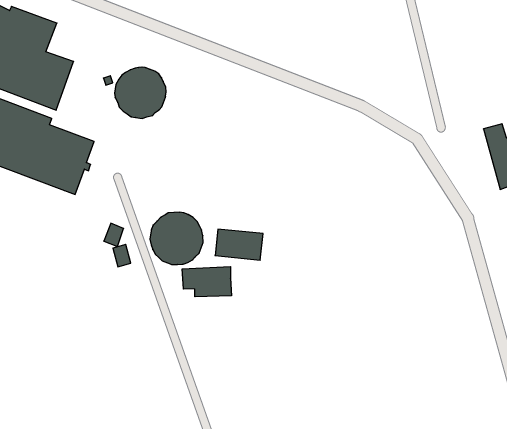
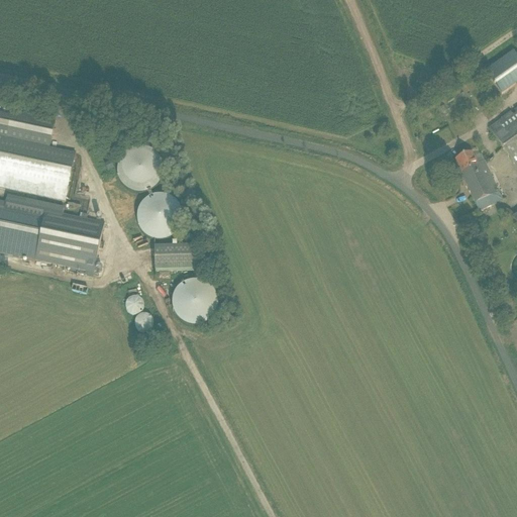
building: none -> [136,194,183,240]
building: [215,229,263,260] -> [154,243,197,270]
building: [182,267,231,297] -> none

